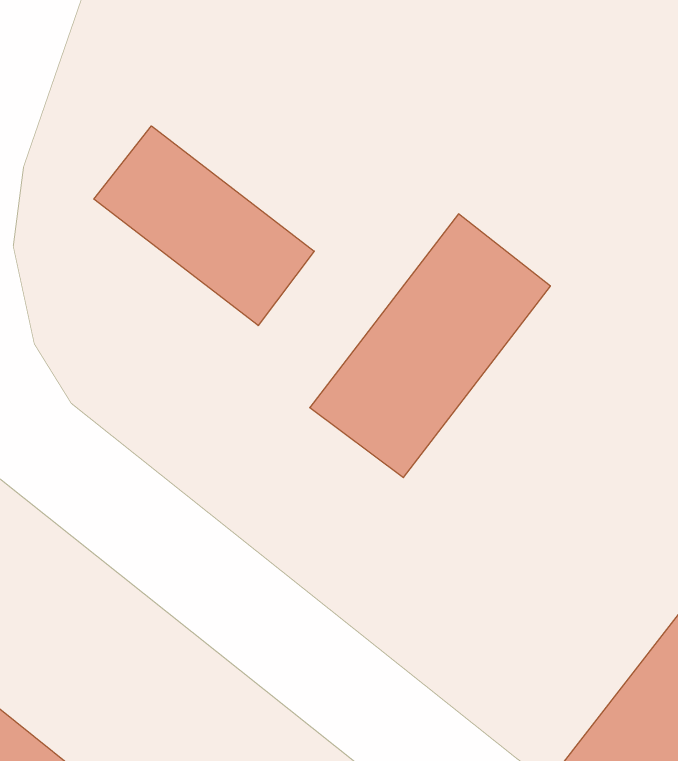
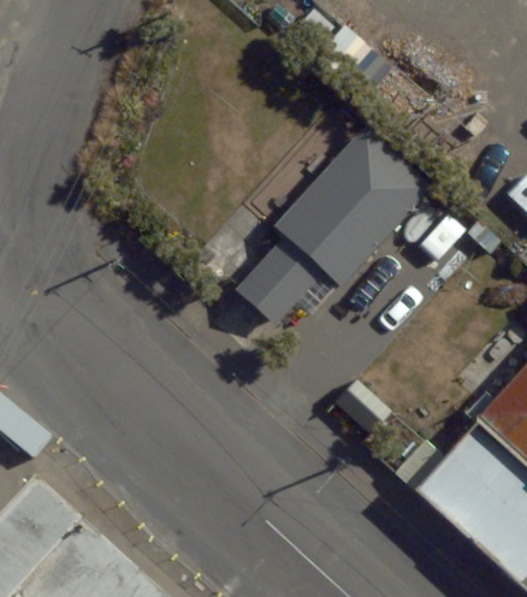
building: [94,126,314,326] -> none

